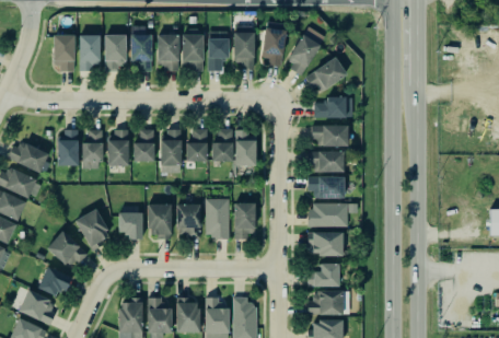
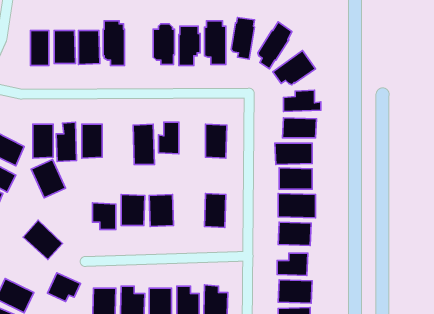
building: [158,35,177,71] -> none
building: [132,129,154,162] -> none
building: [211,129,233,161] -> none
building: [206,198,229,238] -> none
building: [76,209,111,248] -> [31,159,65,198]
building: [37,267,71,296] -> [47,273,80,302]

